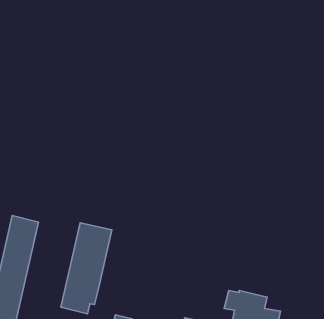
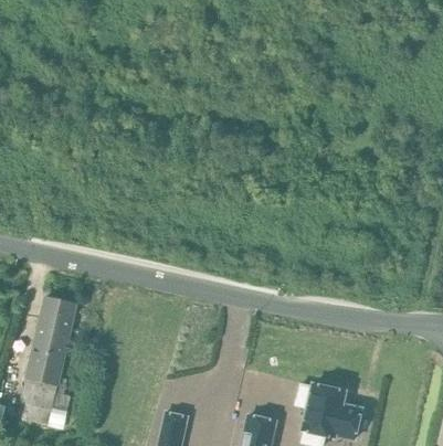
building: [61,223,112,314] -> none

